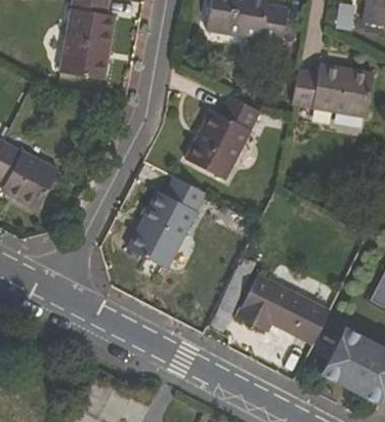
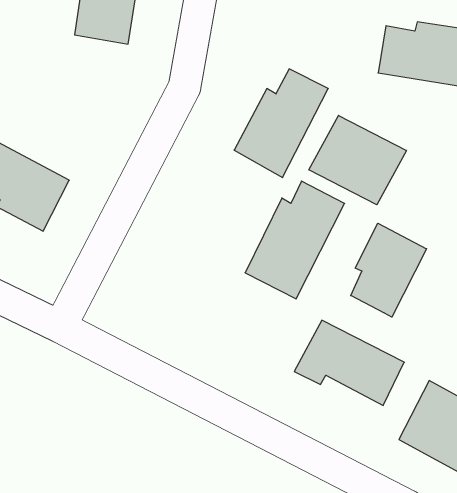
building: none -> [309,115,406,205]
building: [131,170,209,262] -> [245,181,345,299]
building: none -> [351,223,427,317]

